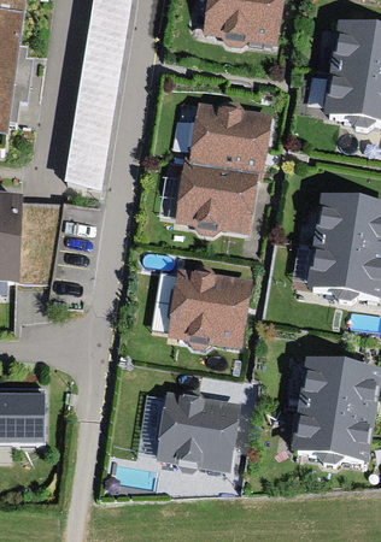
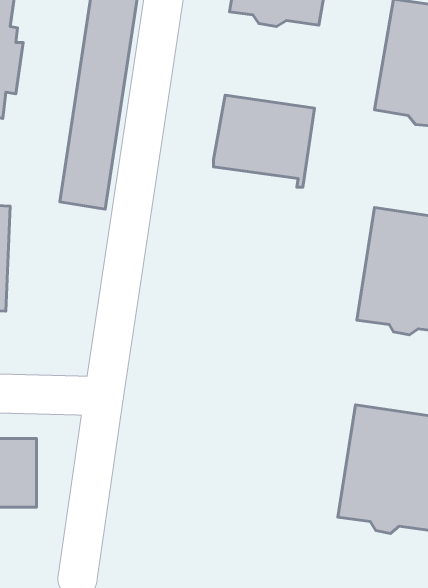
building: [175,154,259,234] -> none
building: [169,266,252,348] -> none
building: [156,390,241,469] -> none

